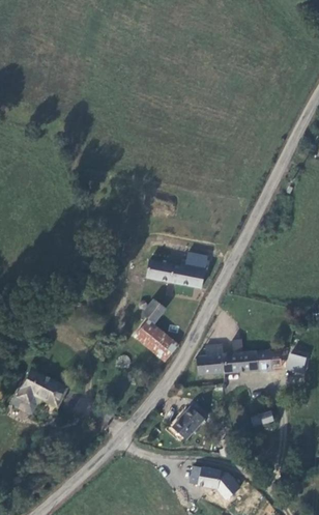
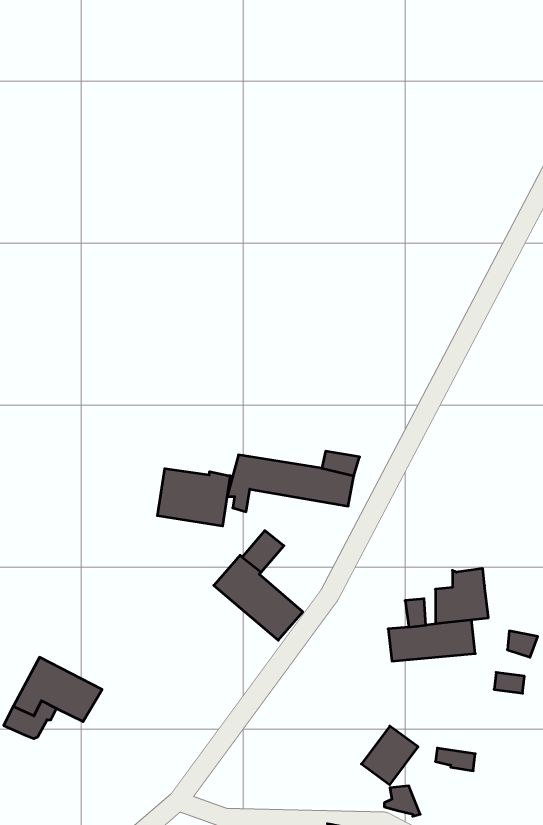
building: none -> [157,469,230,526]
building: [197,345,226,375] -> [435,569,488,623]
building: [177,404,208,436] -> [361,726,418,785]

